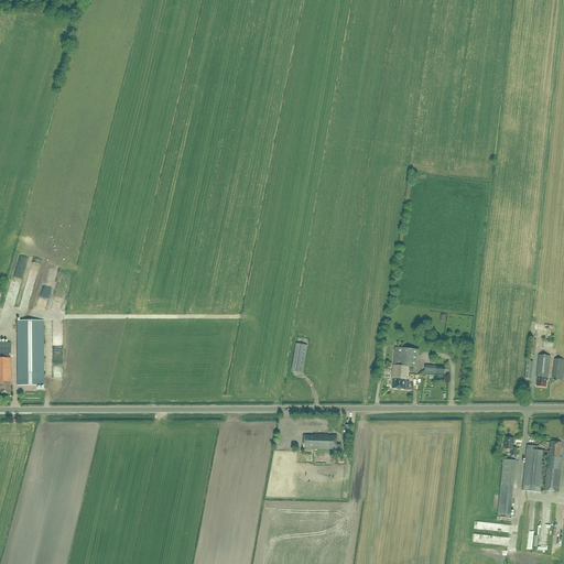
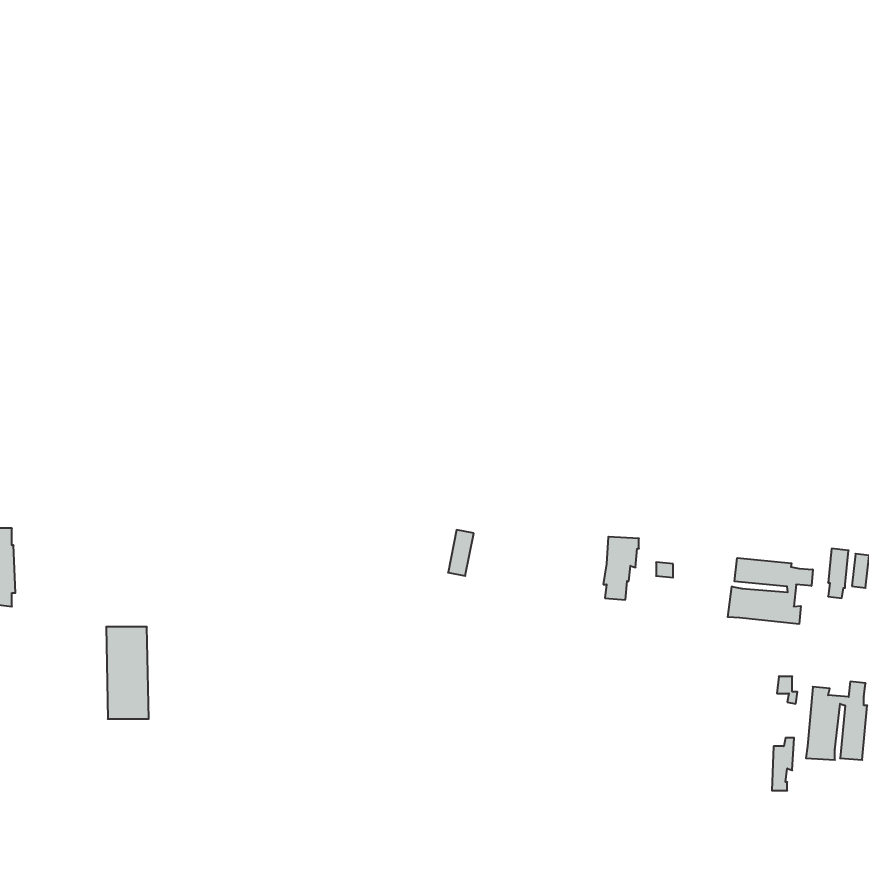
building: [15,319,43,379] -> [106,627,149,719]
building: none -> [728,558,813,624]
building: [303,433,339,449] -> none

